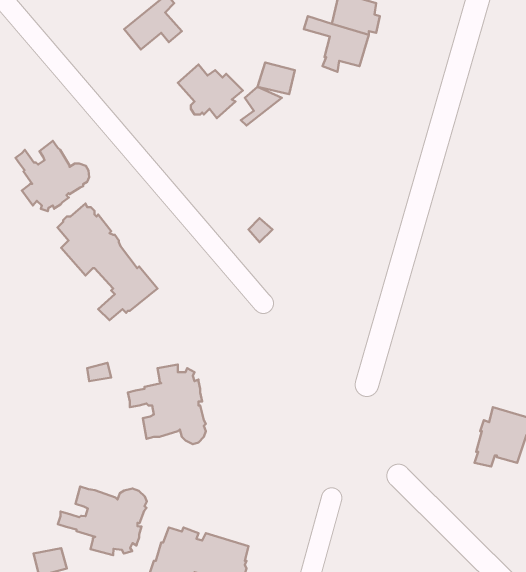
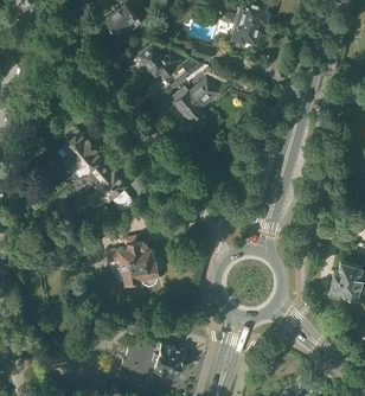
building: none -> [172,81,217,129]
building: [16,141,89,211] -> none
building: [58,487,147,555] -> none

